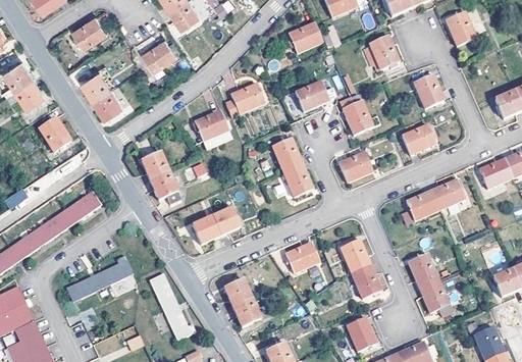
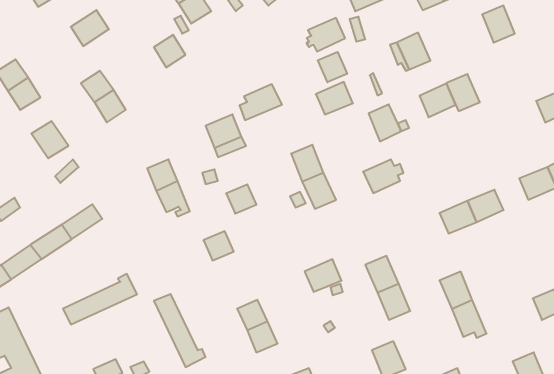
building: none -> [318,52,347,82]
building: [402,124,434,155] -> [419,84,455,117]
building: [212,209,240,236] -> [226,184,256,214]

